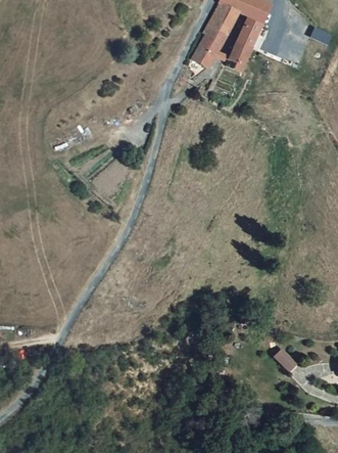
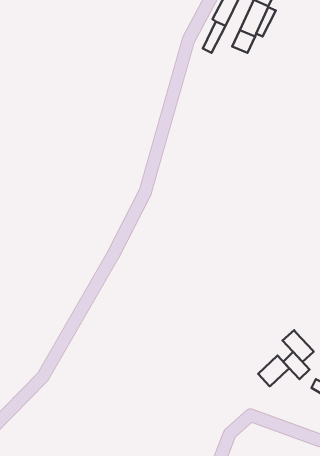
building: none -> [282,330,313,362]
building: none -> [258,355,290,386]

